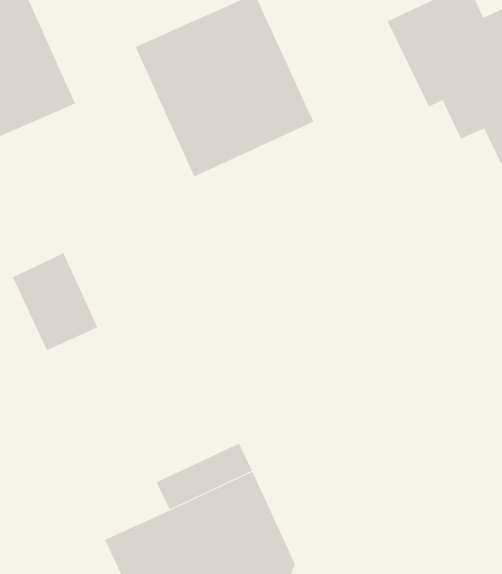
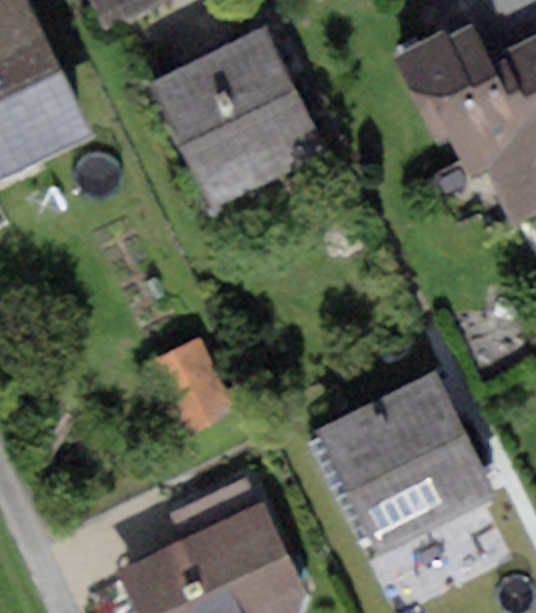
building: [12,252,98,351] -> [154,341,238,438]
building: none -> [317,374,495,555]

